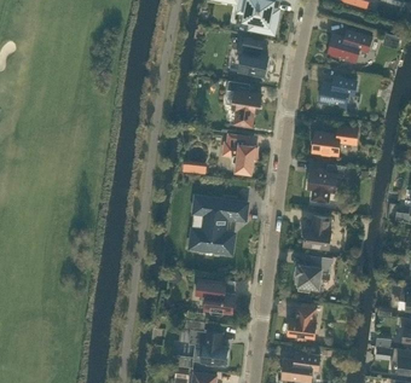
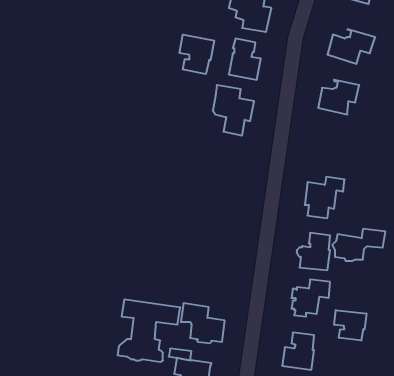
building: none -> [179,35,214,74]
building: [311,127,359,156] -> [332,229,385,261]
building: [224,135,257,173] -> none
building: [191,197,248,254] -> [118,299,180,362]
building: none -> [334,310,366,341]

